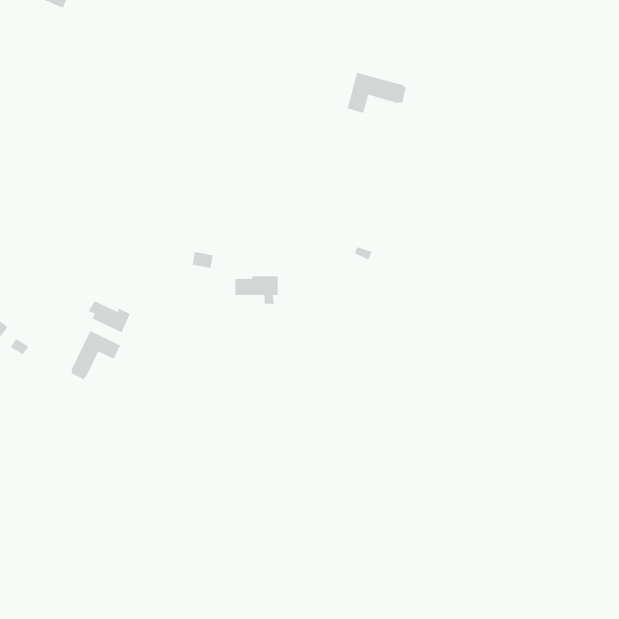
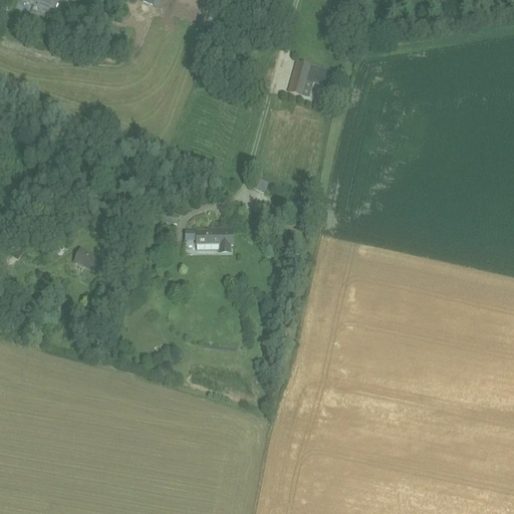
building: [70,330,121,380] -> none

